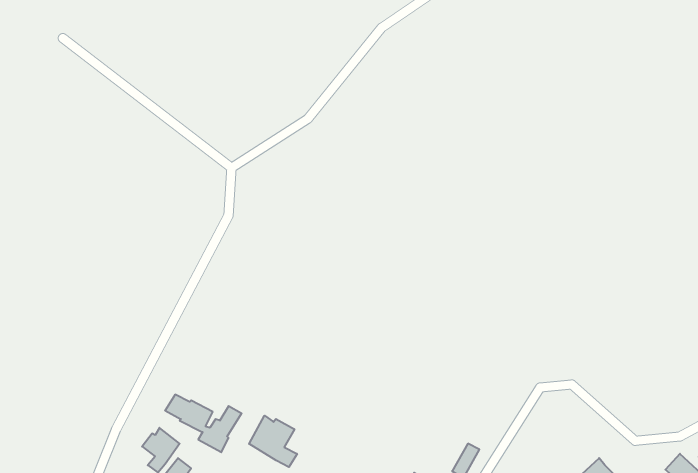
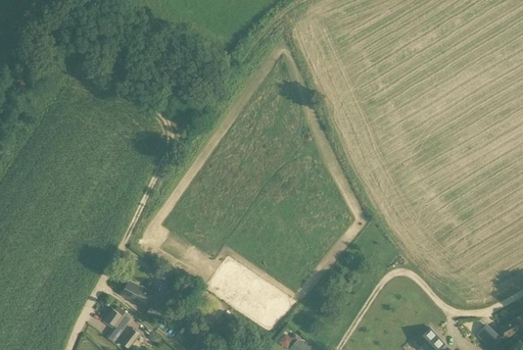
building: [249,416,297,467] -> none

